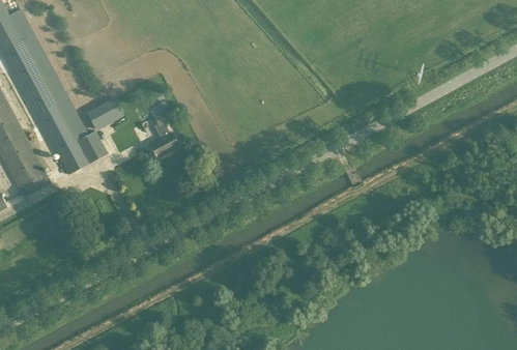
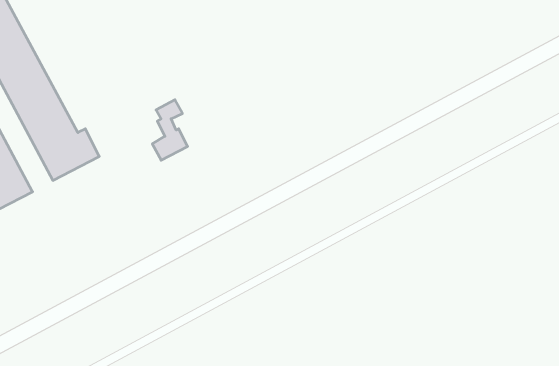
building: [86,97,122,128] -> none

